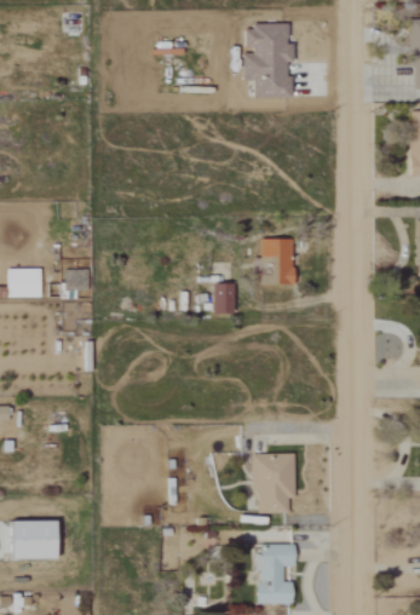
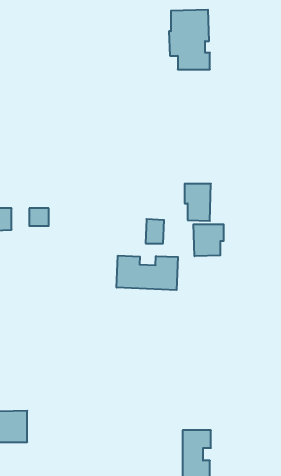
building: none -> [193,224,224,256]
building: none -> [117,256,178,290]
building: [251,453,294,512] -> none

